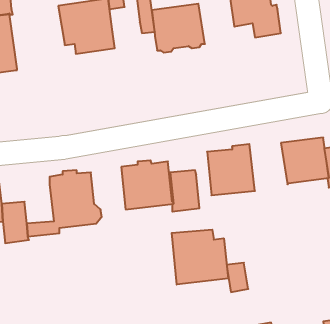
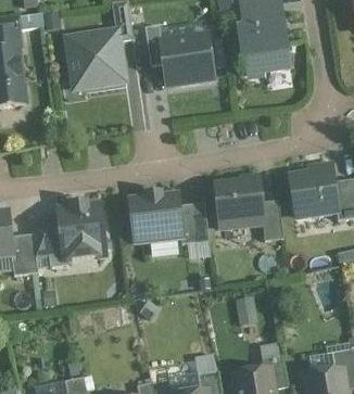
building: none -> [261,199,281,239]
building: none -> [30,216,62,255]
building: [172,230,228,285] -> none

